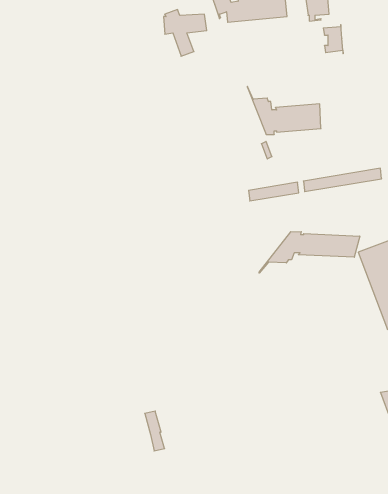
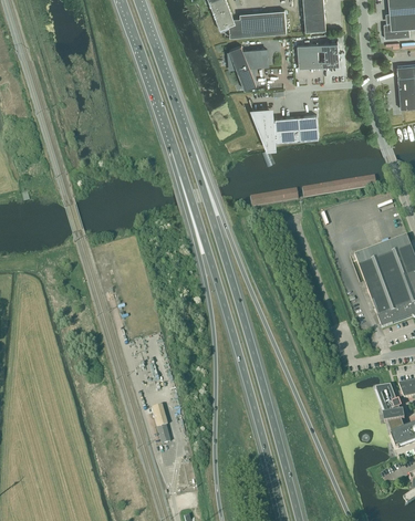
building: [164,10,207,56] -> [228,45,269,90]
building: none -> [298,43,323,69]
building: [259,232,360,273] -> none

